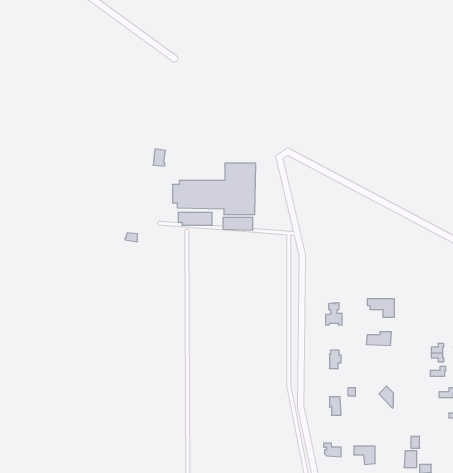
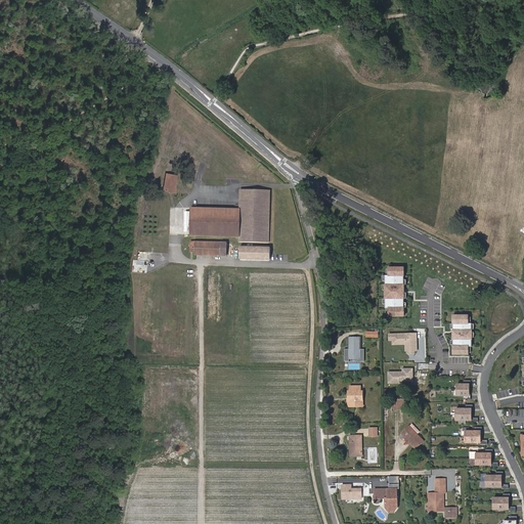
building: none -> [385,267,405,316]
building: none -> [450,315,471,352]

